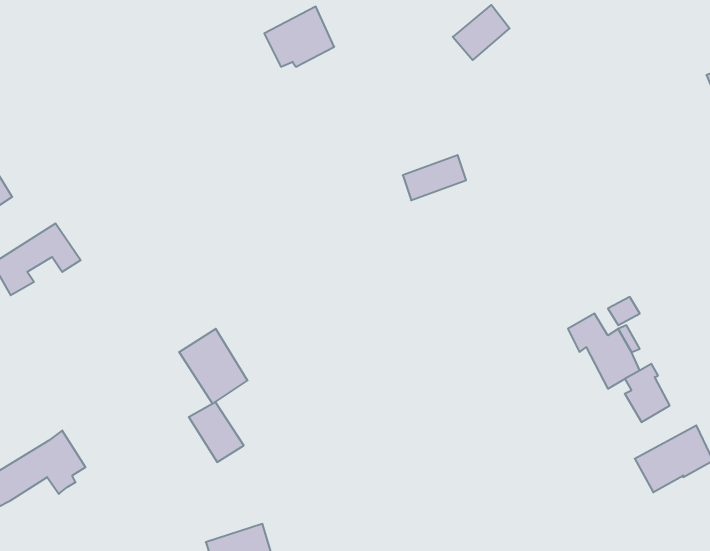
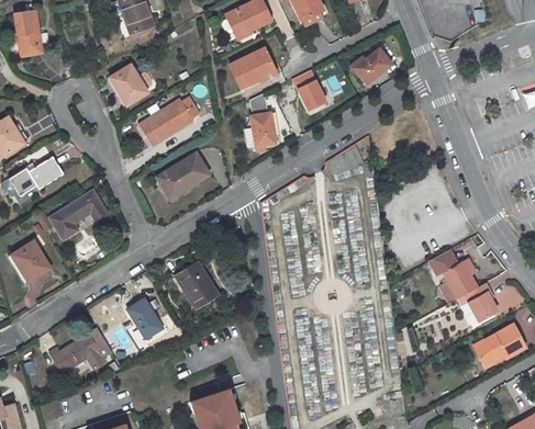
building: none -> [109,64,152,105]
building: none -> [289,69,325,111]
building: none -> [245,93,276,147]
building: none -> [138,95,201,146]
building: none -> [156,153,210,197]
building: [189,402,244,462] -> [126,298,163,338]

